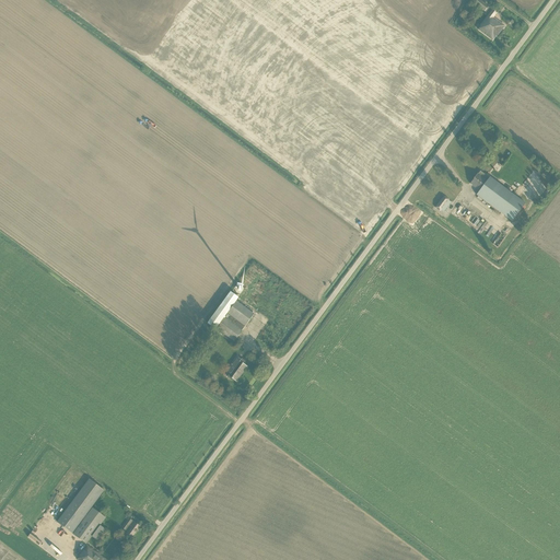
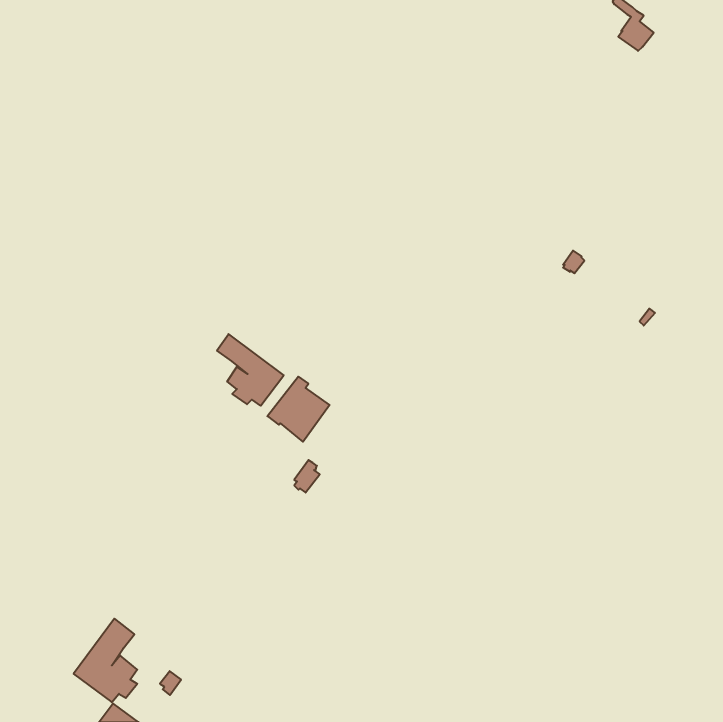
building: [470,171,526,220] -> none
building: none -> [217,334,284,406]

